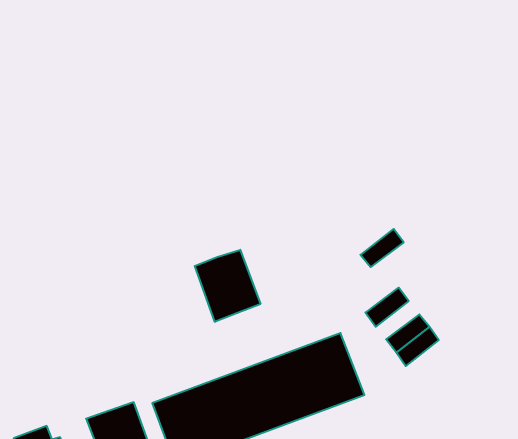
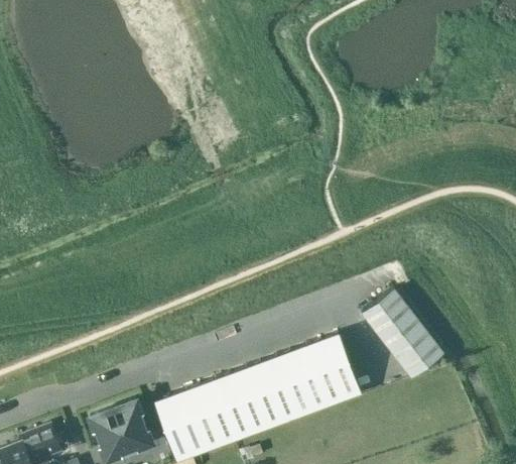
building: [360,229,404,267] -> [372,302,414,339]
building: [195,250,260,322] -> none
building: none -> [401,340,443,377]

